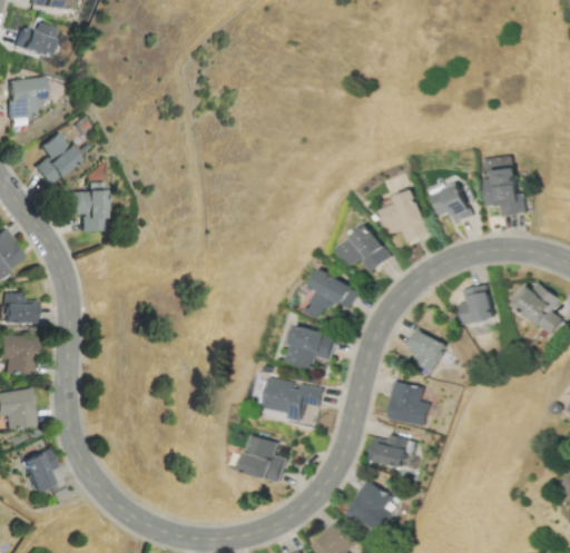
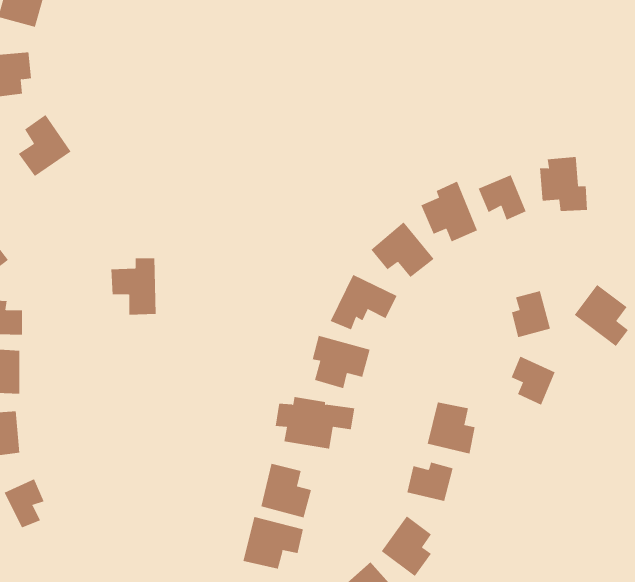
building: [63,182,104,233] -> [110,258,157,315]
building: [406,329,445,373] -> [511,356,555,406]
building: none -> [243,516,304,570]

